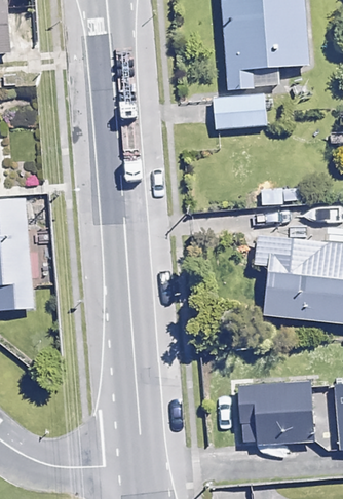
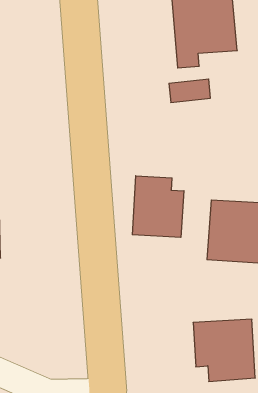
building: none -> [132,176,184,237]

